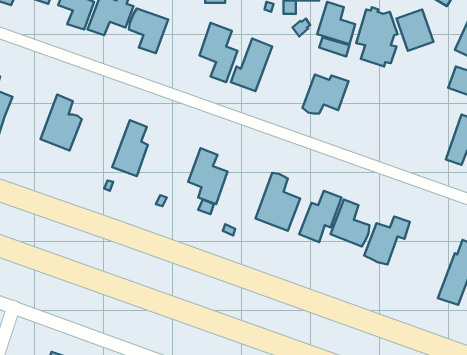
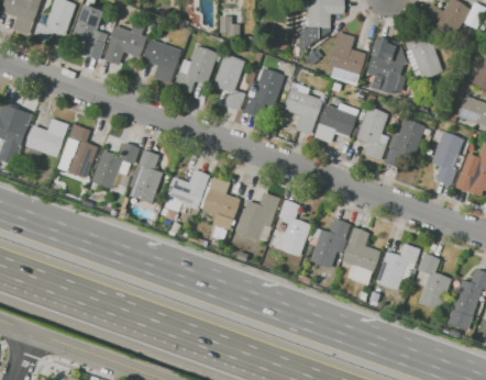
building: none -> [173,45,217,92]
building: none -> [283,81,323,133]
building: none -> [355,107,388,160]
building: none -> [24,118,68,156]
building: none -> [384,118,426,168]
building: none -> [431,131,464,186]
building: none -> [90,142,139,193]
building: none -> [162,169,209,217]
building: none -> [236,192,279,242]
building: none -> [417,253,451,311]

